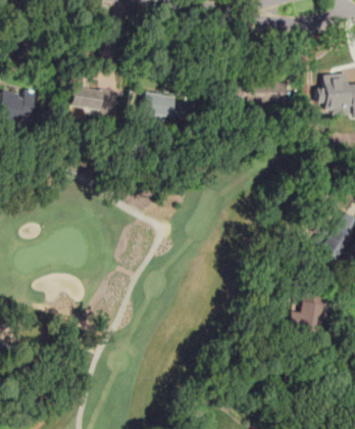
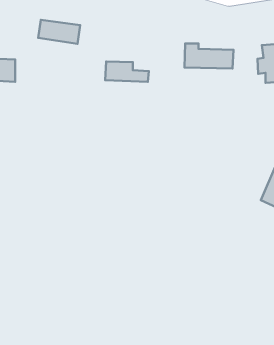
building: [70,85,118,112] -> [38,20,80,44]
building: [289,301,322,332] -> none

